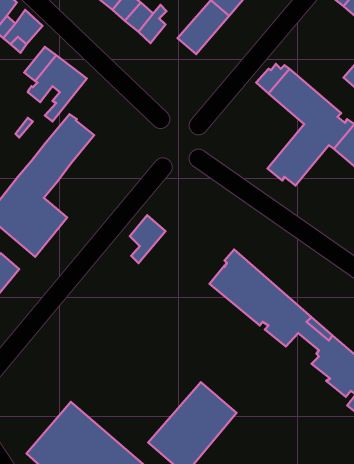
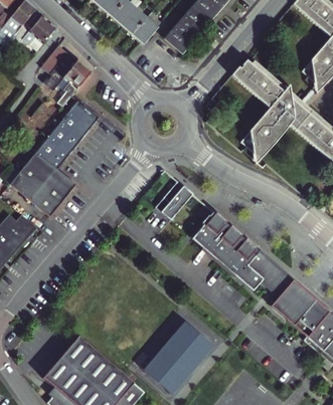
building: [130,215,166,263] -> [164,182,193,221]

